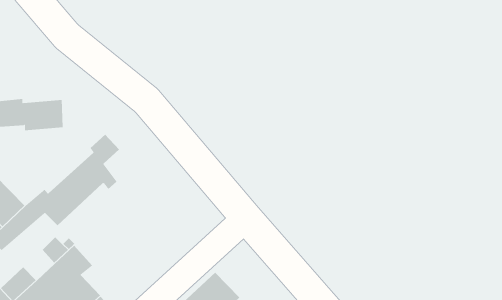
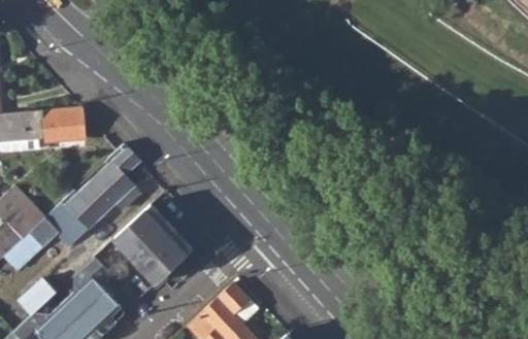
building: none -> [112,203,192,278]

